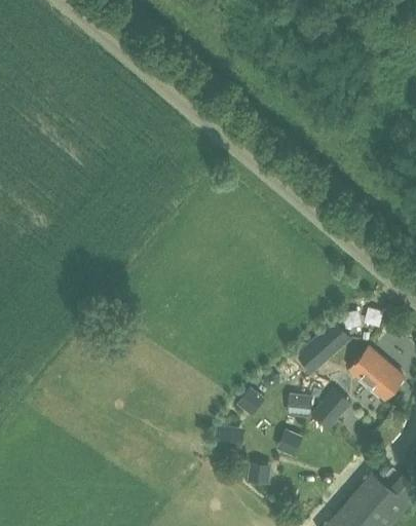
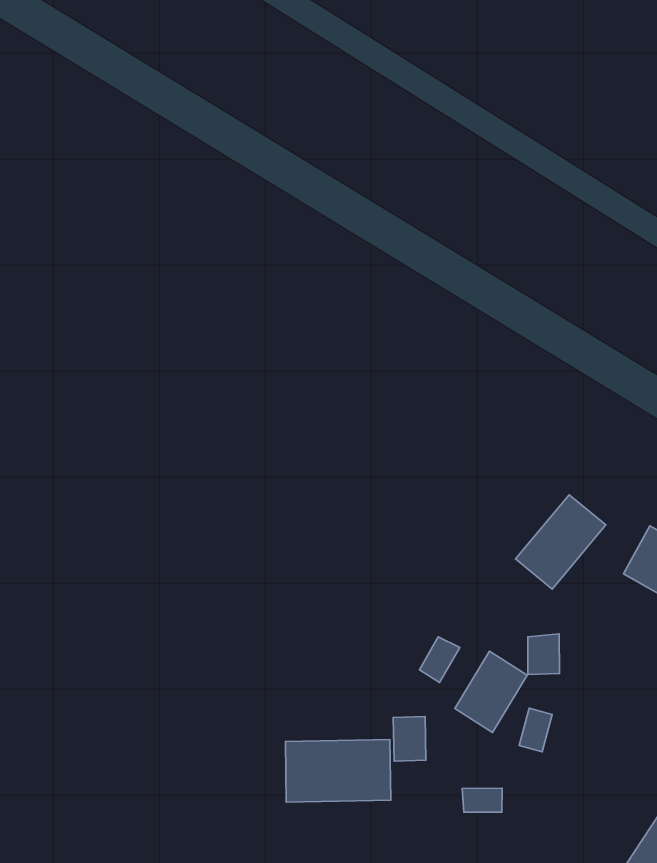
building: [311,388,351,430] -> [455,651,527,732]
building: none -> [285,739,391,802]

